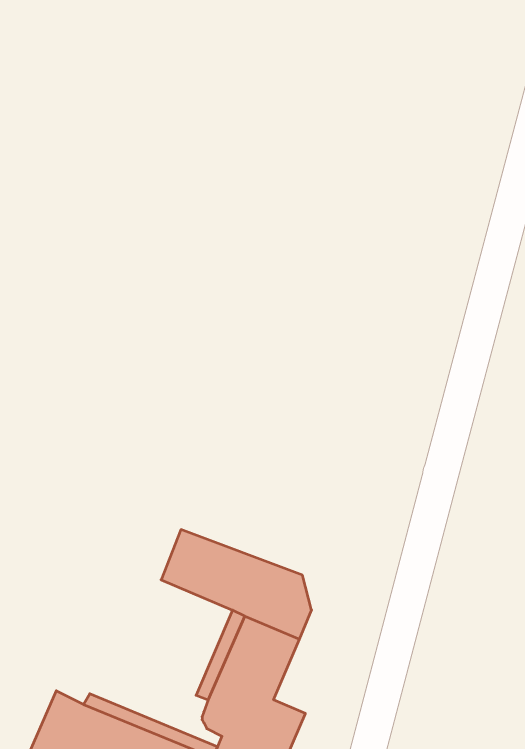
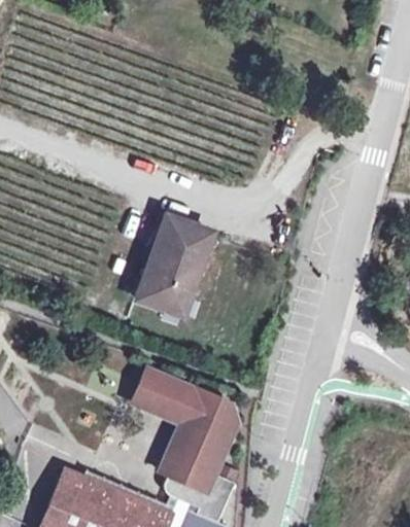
building: none -> [134,220,209,319]

